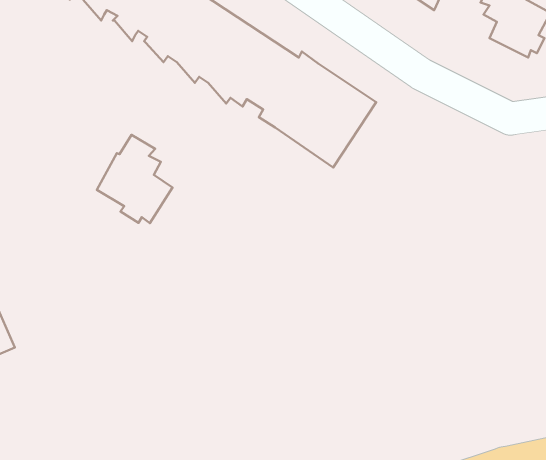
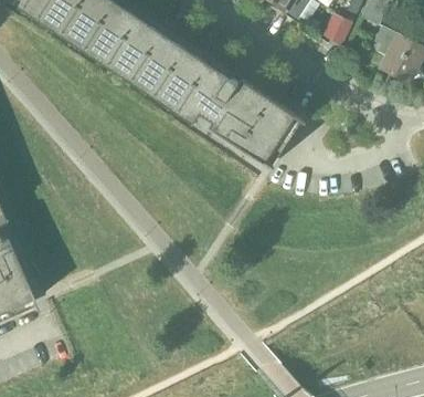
building: [97,135,172,223] -> none

